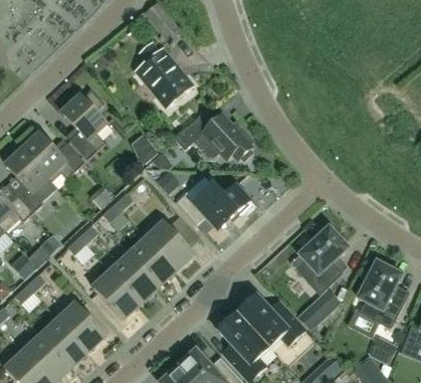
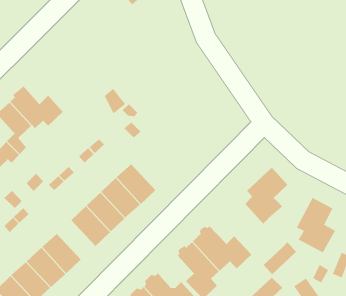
building: [135,40,193,108] -> none
building: [61,87,106,159] -> none
building: [174,113,252,159] -> none
building: [174,183,250,229] -> none
building: [296,285,337,325] -> [263,242,297,275]

